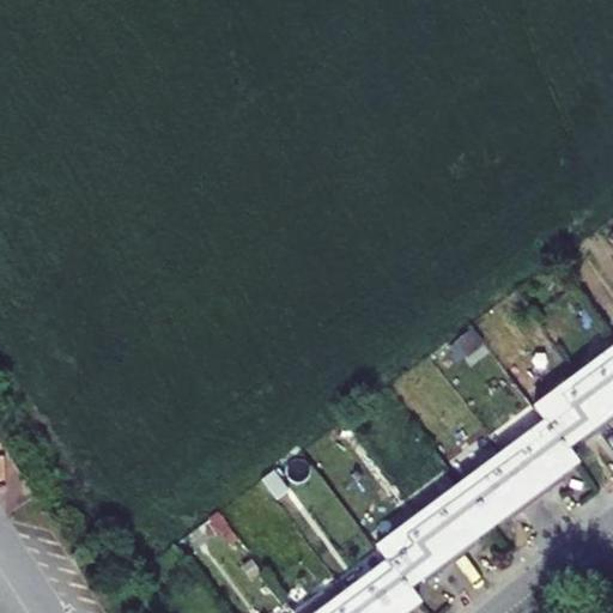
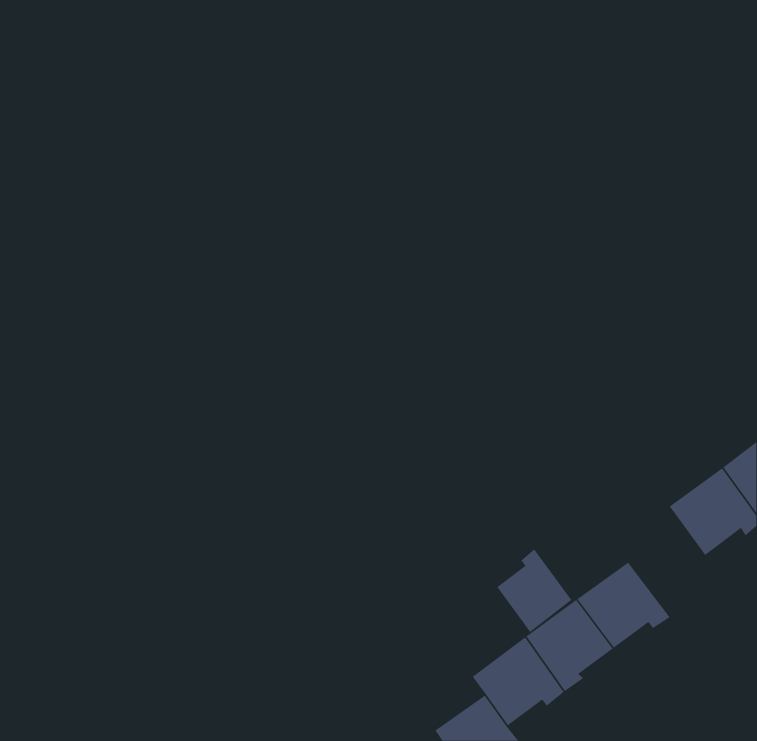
building: [504,419,576,494] -> none
building: none -> [496,549,572,633]

